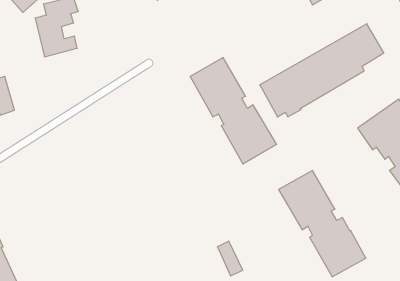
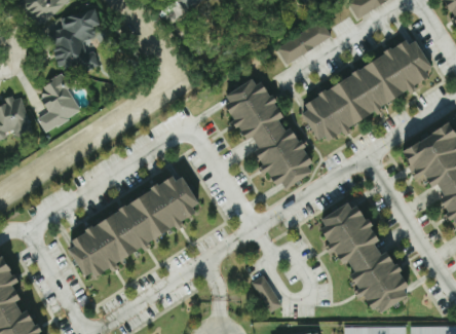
building: none -> [274,21,329,64]
building: none -> [35,73,78,132]
building: none -> [70,173,199,279]

